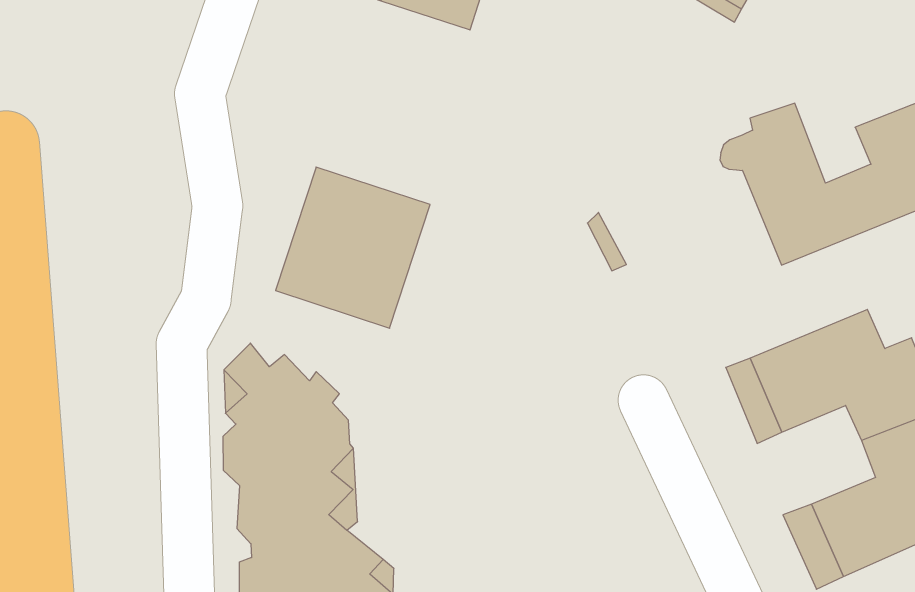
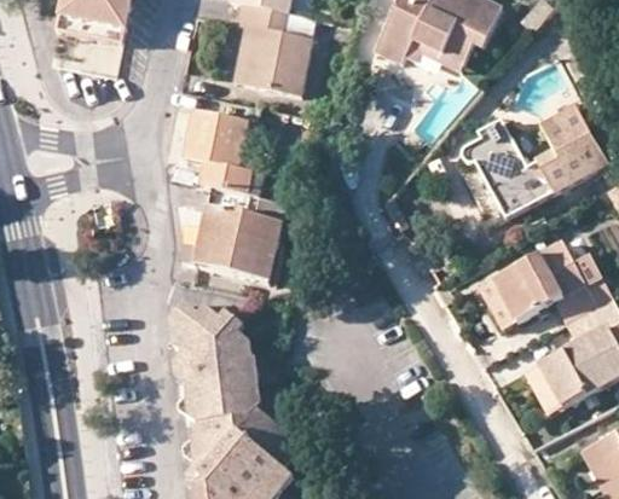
building: none -> [185,109,290,203]

